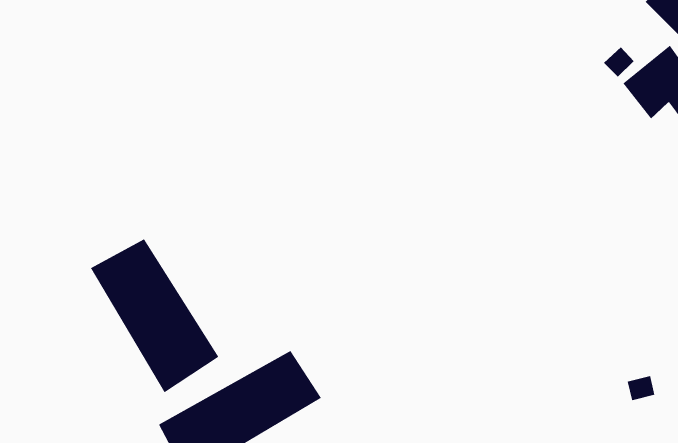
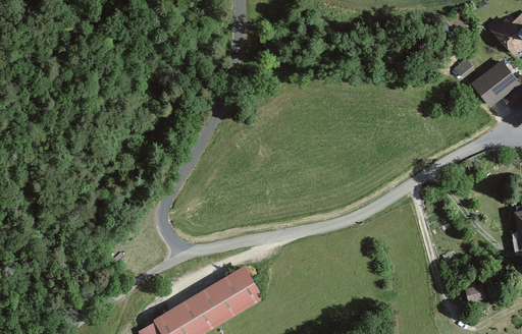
building: [90,239,219,393] -> none

